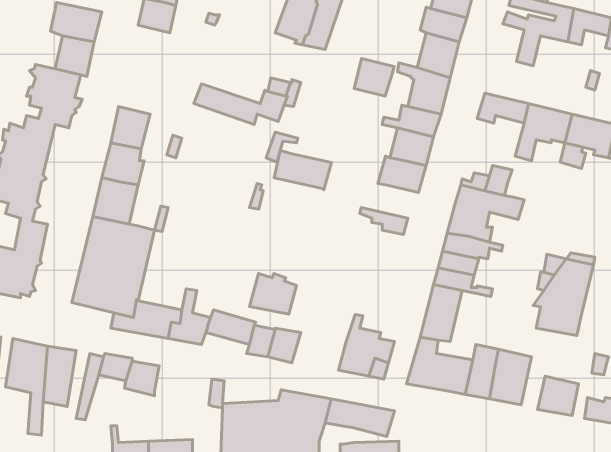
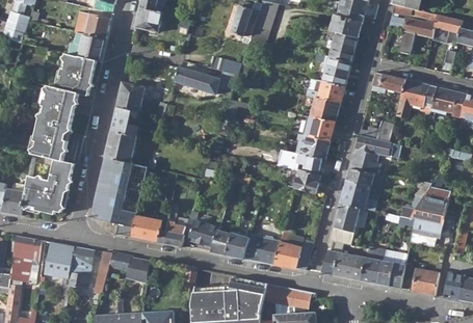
building: [354,58,394,96] -> none
building: [274,151,331,190] -> [289,133,329,160]
building: none -> [293,169,320,193]
building: [250,273,296,314] -> [246,236,279,264]

